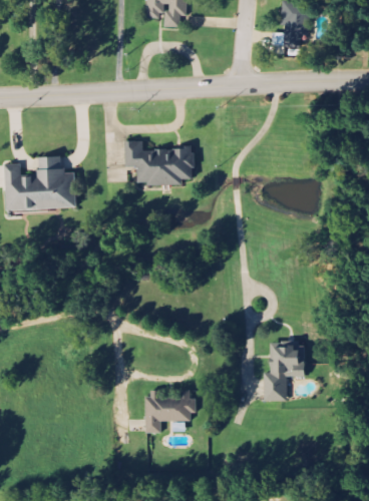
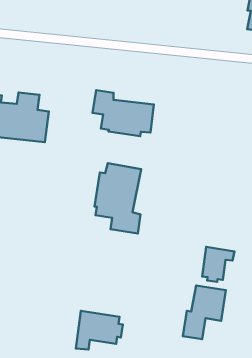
building: none -> [95,163,141,233]
building: none -> [202,247,235,282]

